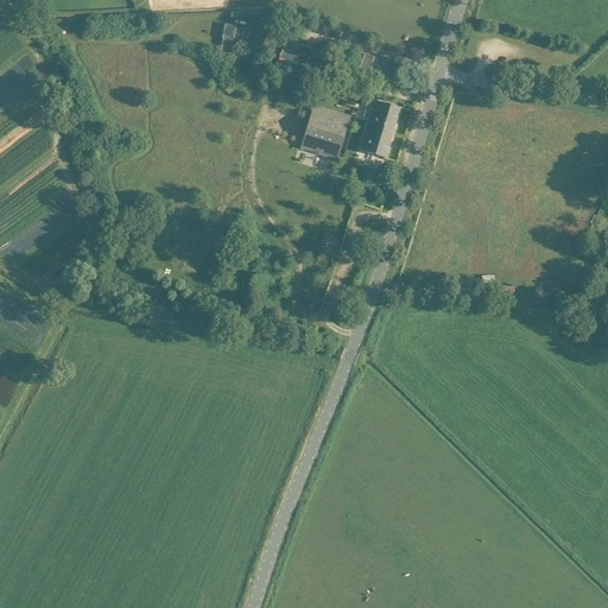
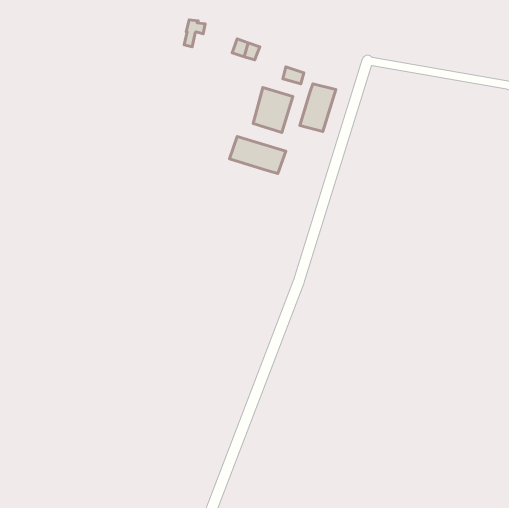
building: none -> [229,137,286,173]

